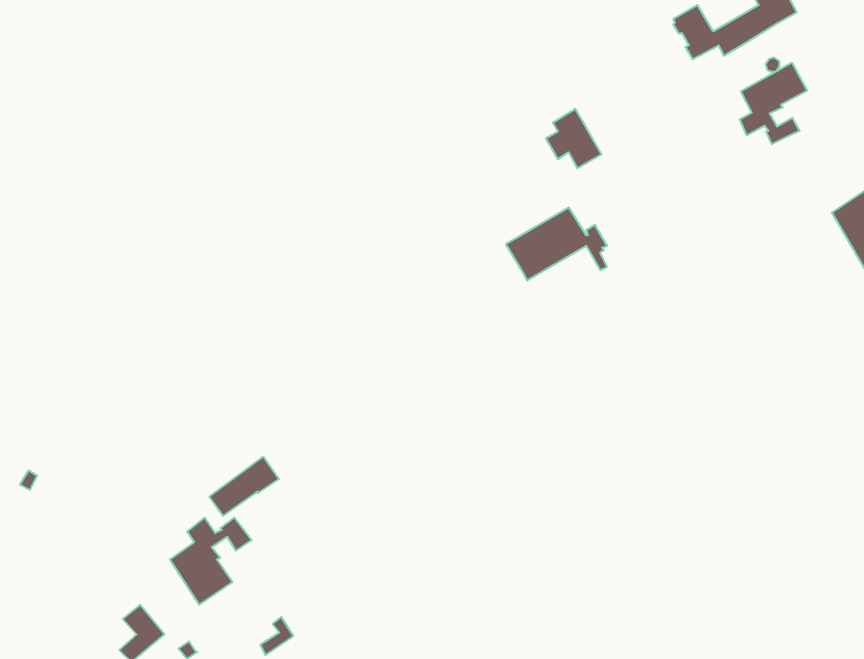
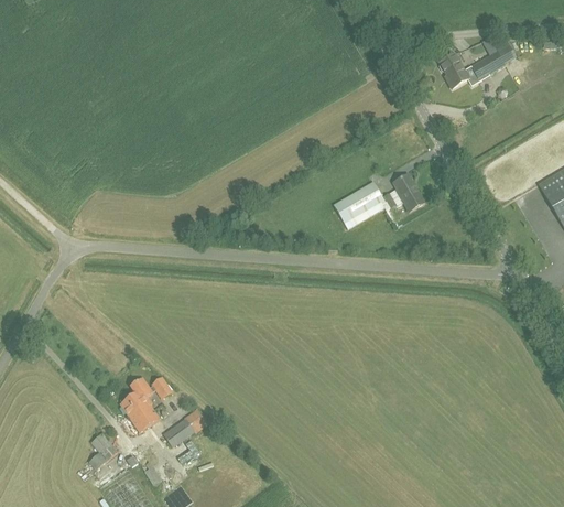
building: [740,63,807,144] -> none
building: [546,109,602,168] -> [389,173,424,211]
building: [209,457,279,516] -> [163,409,207,446]

